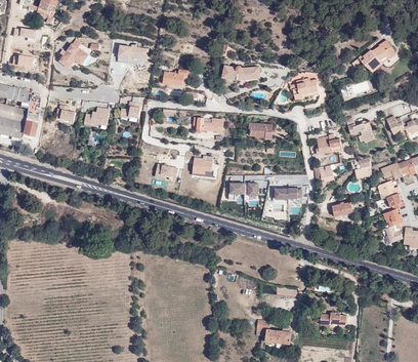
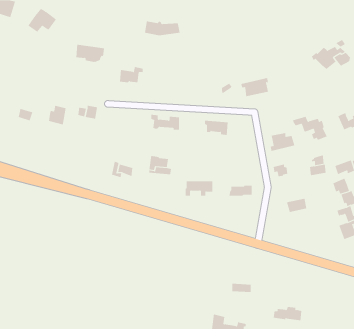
building: [59,44,89,69] -> [27,8,57,33]
building: [222,65,259,80] -> [144,21,180,36]

